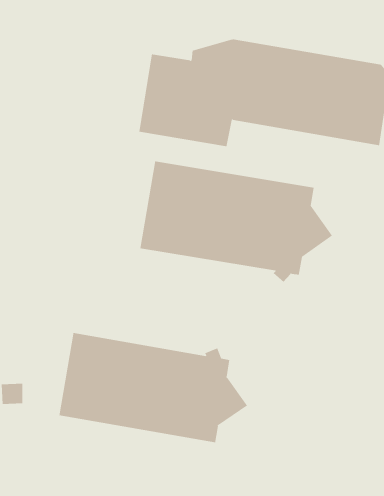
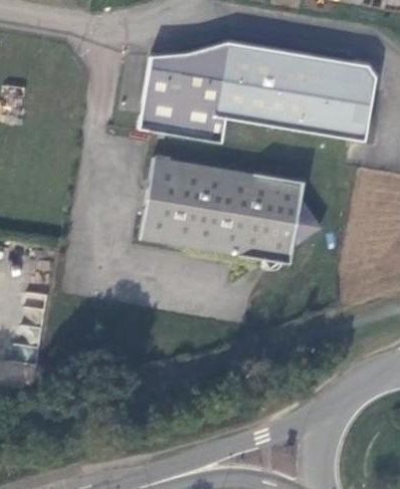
building: [59,332,248,443] -> none

